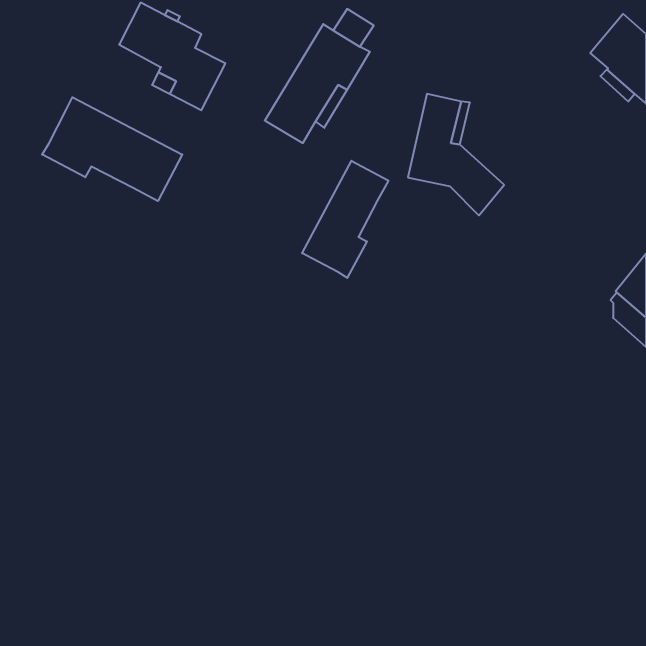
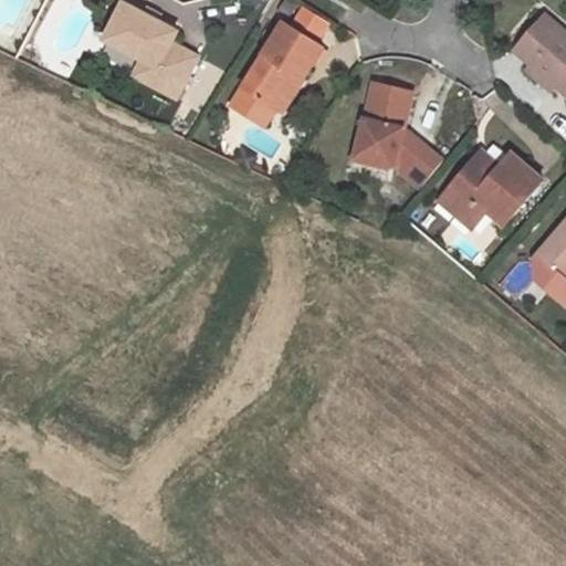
building: [42,97,182,201] -> none
building: [302,161,388,278] -> none
building: none -> [440,153,542,227]

